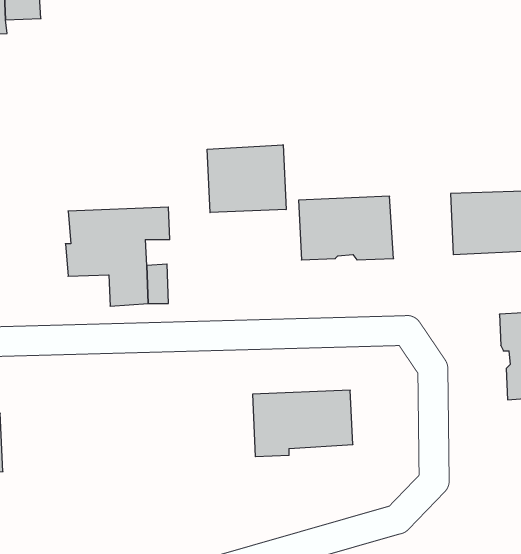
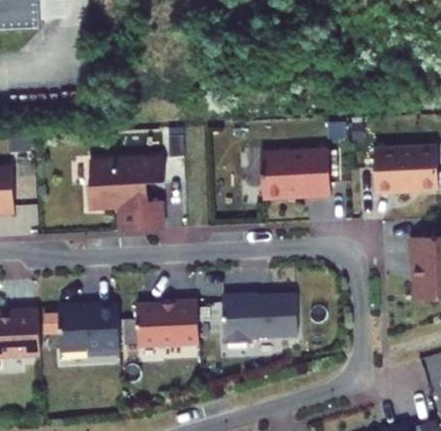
building: [207,145,286,213] -> none
building: none -> [135,299,198,345]
building: none -> [58,303,119,353]

